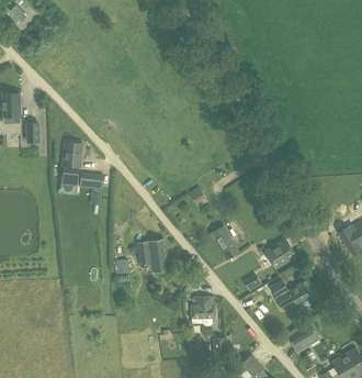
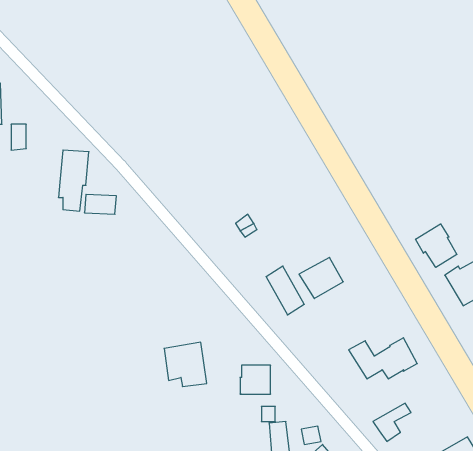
building: none -> [416,224,457,267]
building: [137,237,168,269] -> [164,342,207,387]
building: [263,237,295,267] -> [299,257,343,299]

